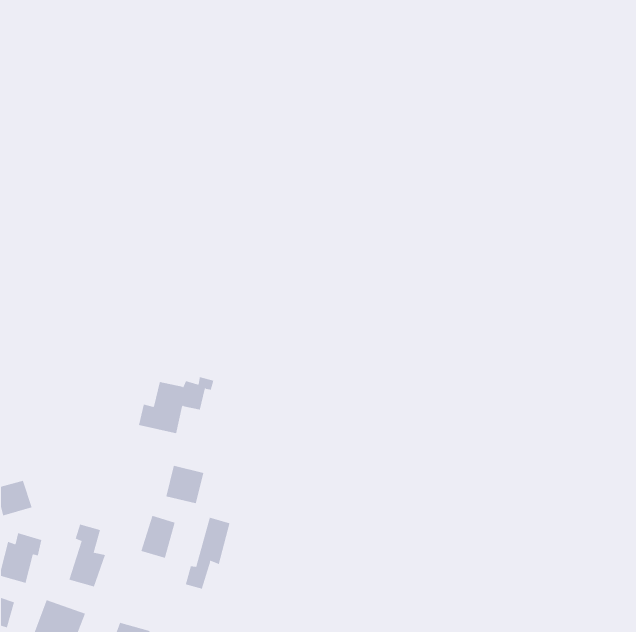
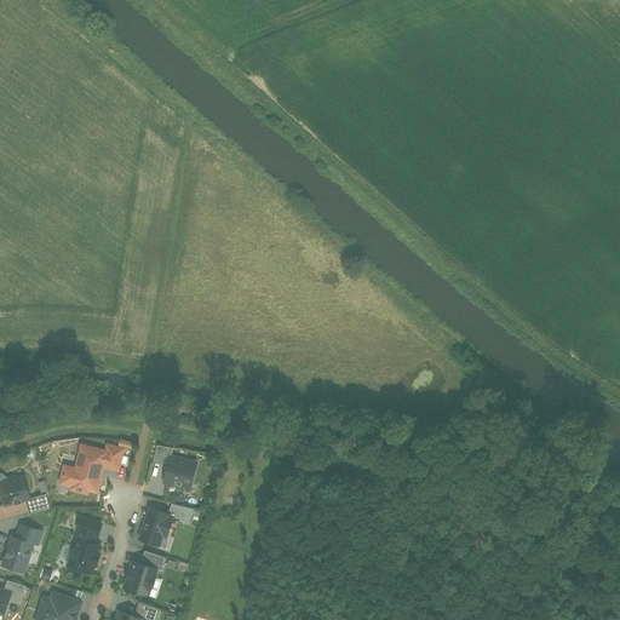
building: [138,377,214,434] -> [59,440,133,495]
building: [185,517,230,589] -> none
building: none -> [120,557,157,596]

